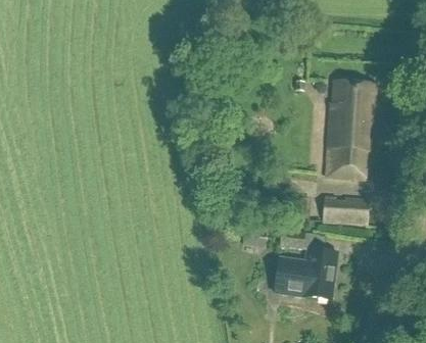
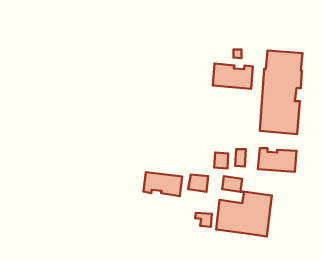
building: none -> [213,63,253,89]
building: none -> [144,172,182,196]

